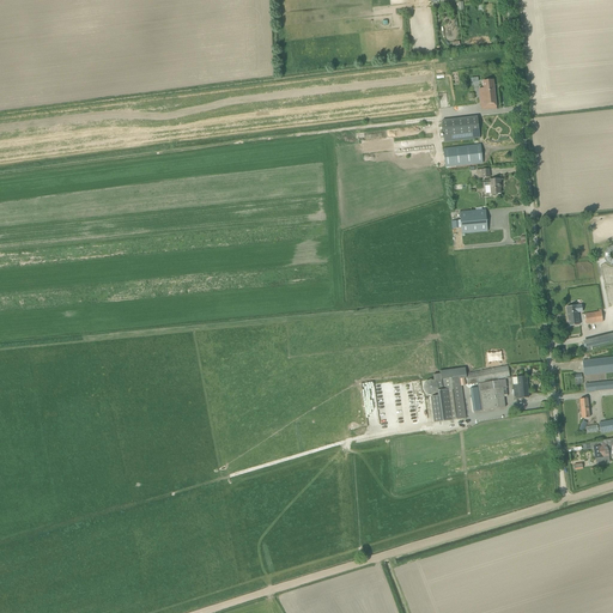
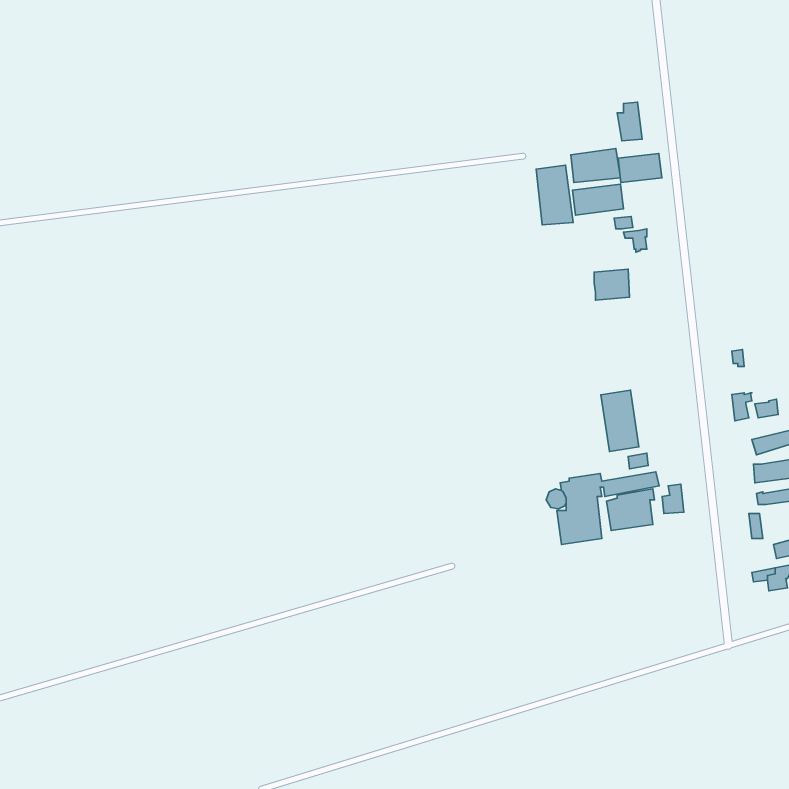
building: none -> [618,154,662,182]
building: none -> [536,165,573,225]
building: none -> [601,390,639,451]

